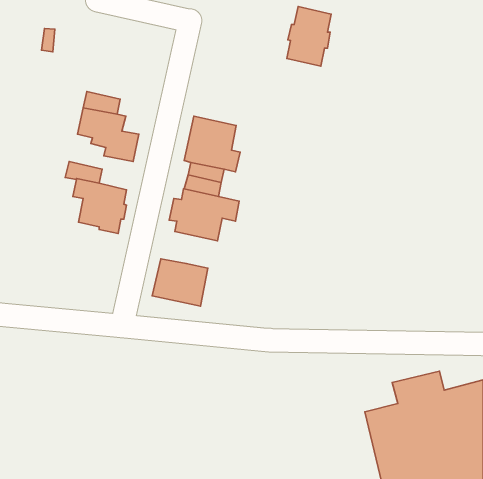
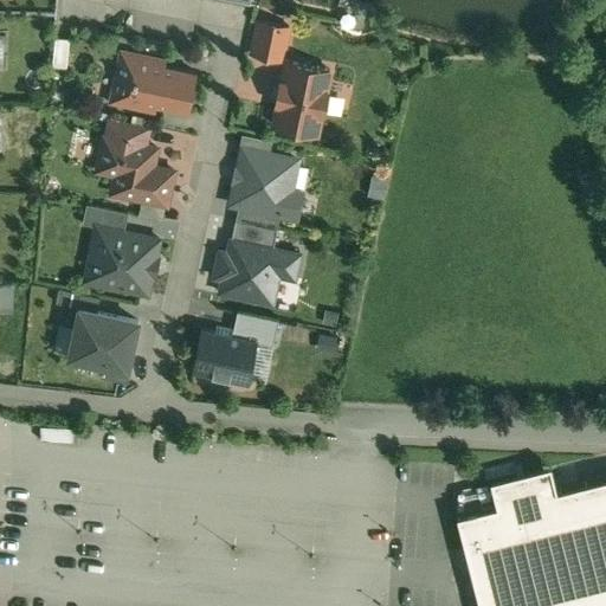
building: [287,7,331,66] -> [273,63,329,137]
building: none -> [251,22,289,63]
building: none -> [109,52,196,115]
building: none -> [70,312,137,373]
building: none -> [233,316,278,344]

